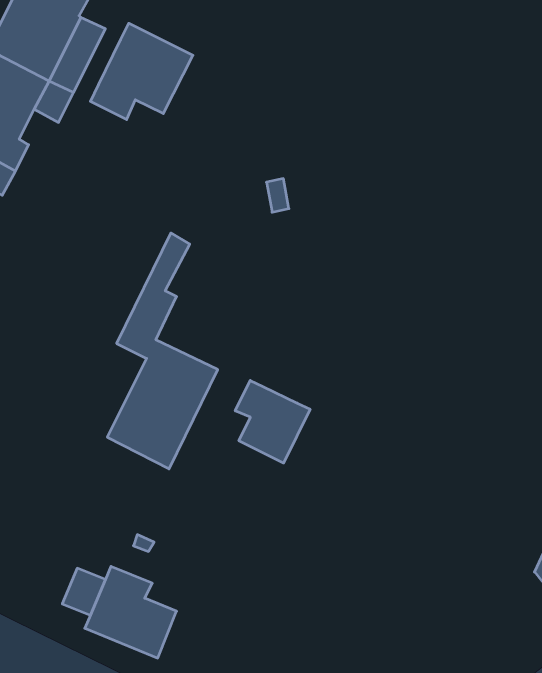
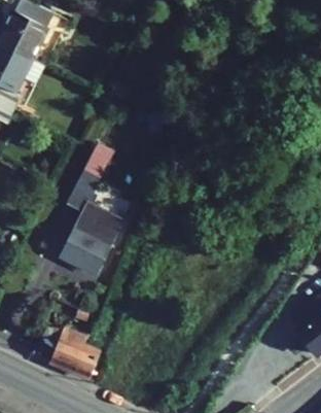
building: [90,23,193,120] -> none
building: [235,380,310,463] -> none

